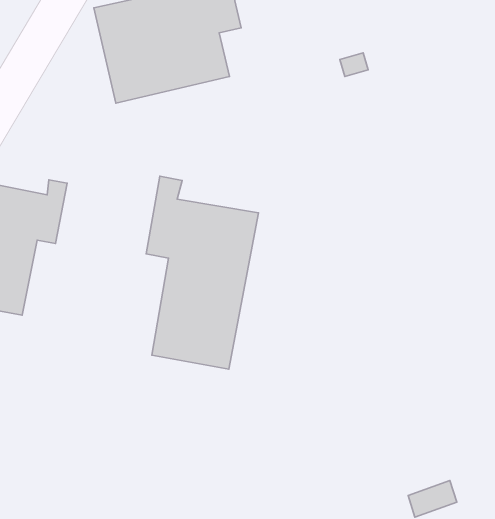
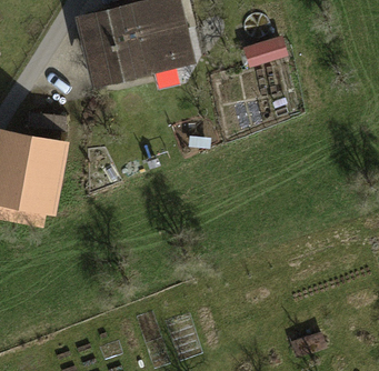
building: [146,176,258,369] -> none

